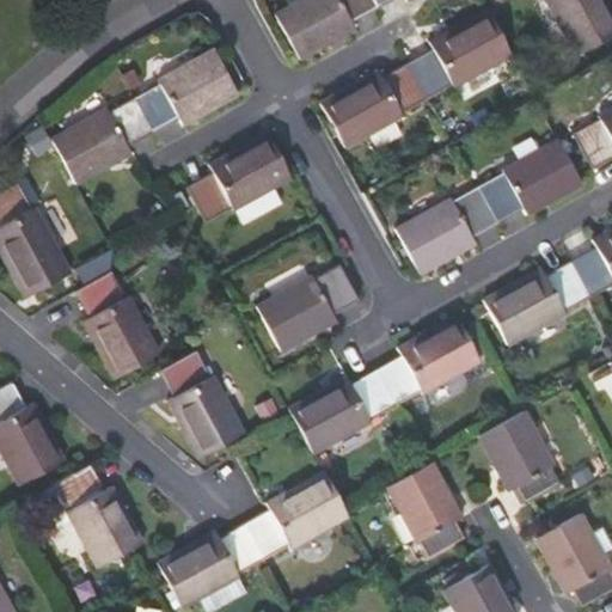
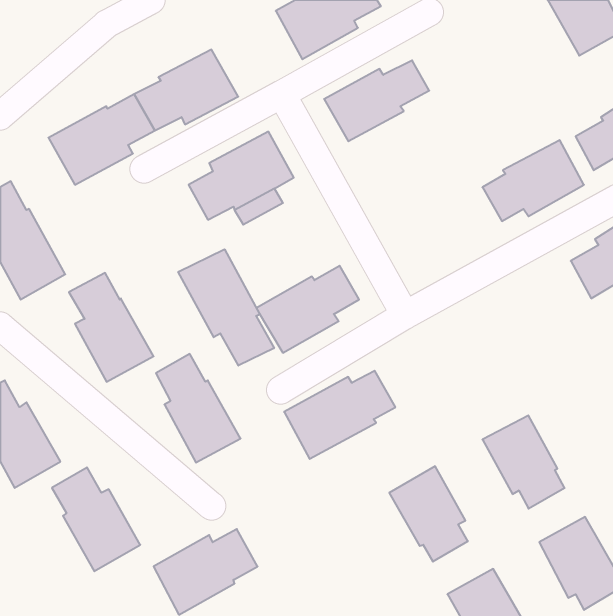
building: [412,11,510,91] -> none
building: [398,186,501,273] -> none
building: none -> [178,249,274,366]
building: [484,259,589,345] -> none
building: [375,316,478,404] -> none
building: [239,472,344,562] -> none

